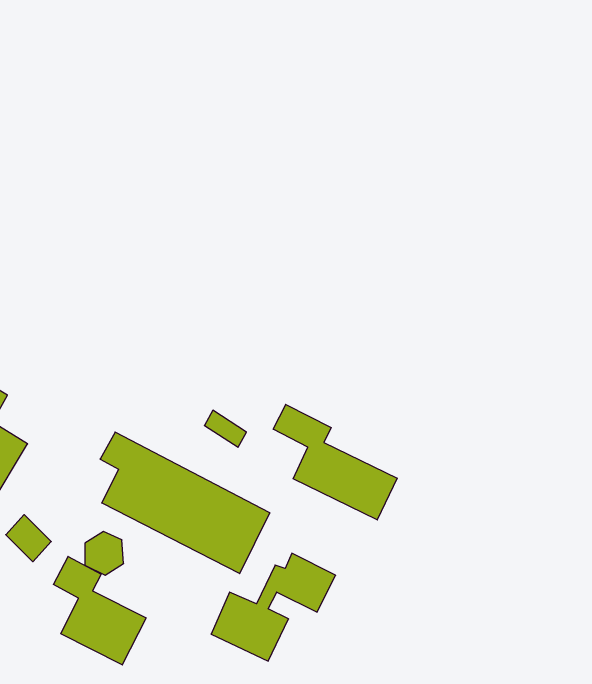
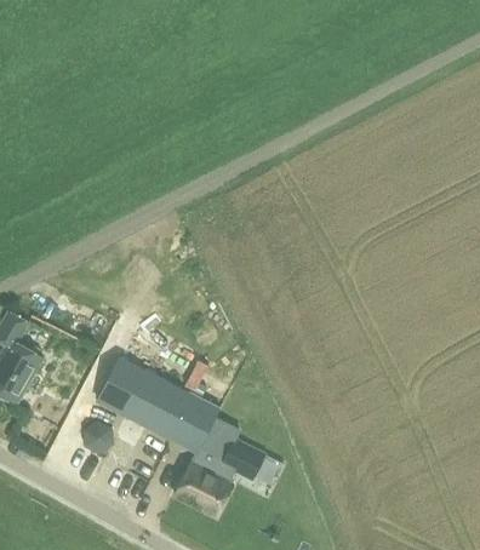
building: [273,404,397,520] -> none
building: [53,556,146,665] -> none

